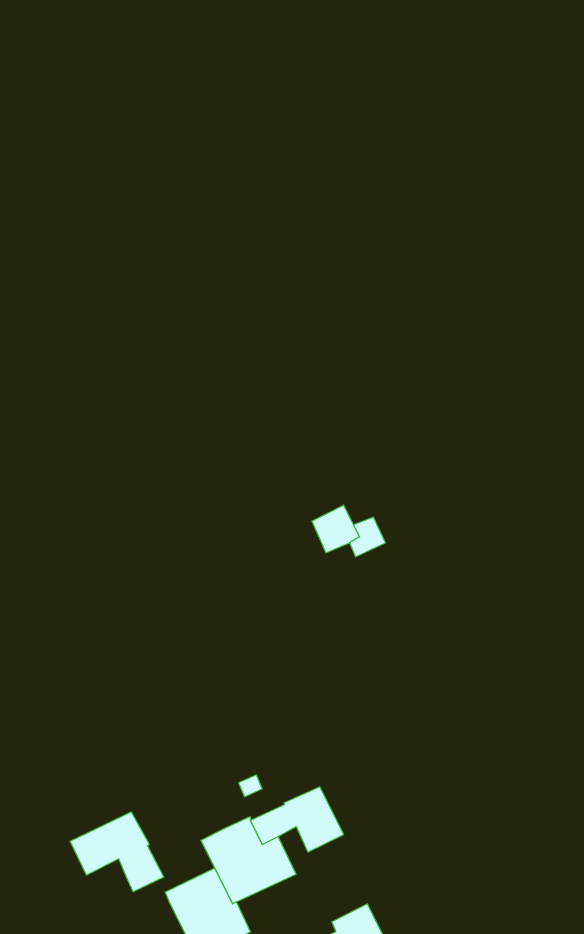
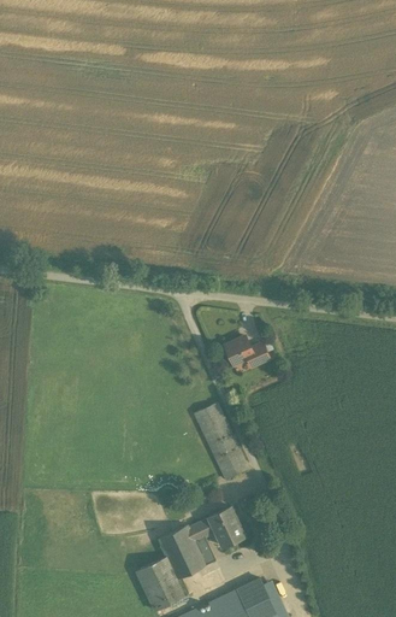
building: none -> [194,404,248,480]
building: [70,812,164,892] -> none

